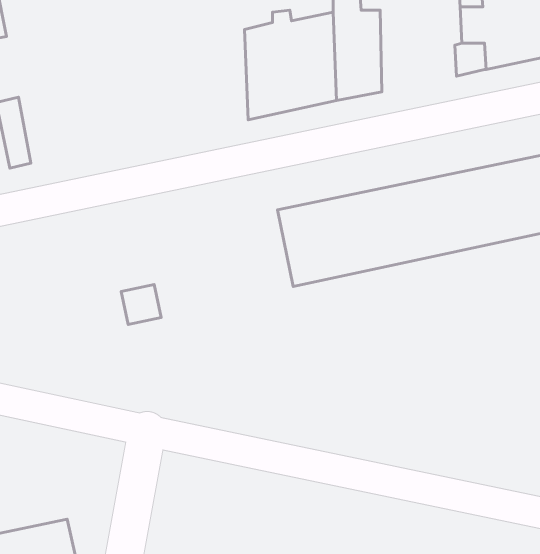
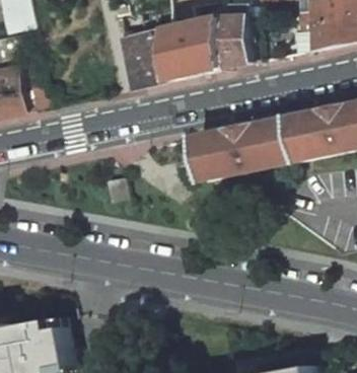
building: none -> [121,29,174,90]

